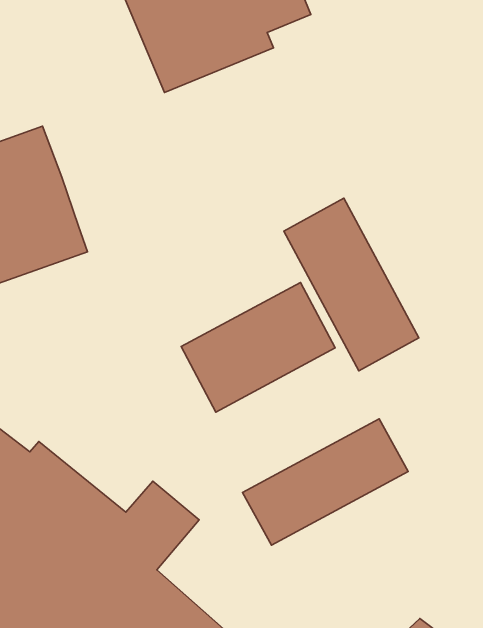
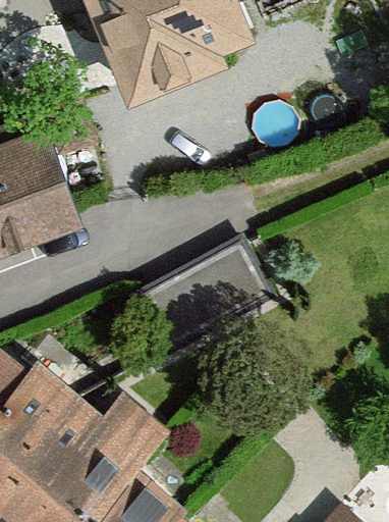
building: [284,198,419,371] -> none
building: [243,419,408,545] -> none

